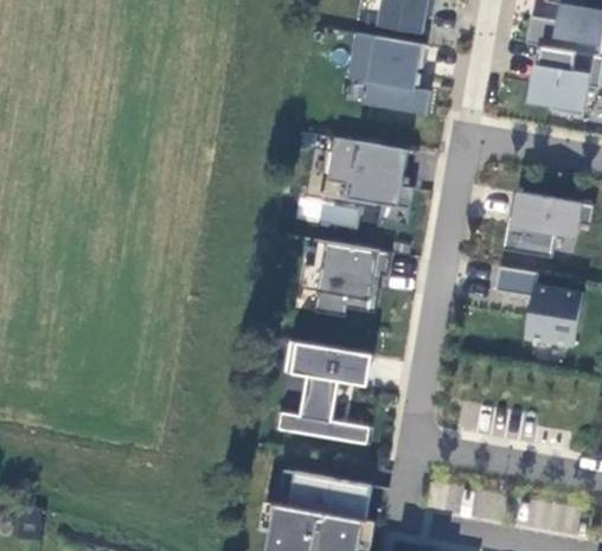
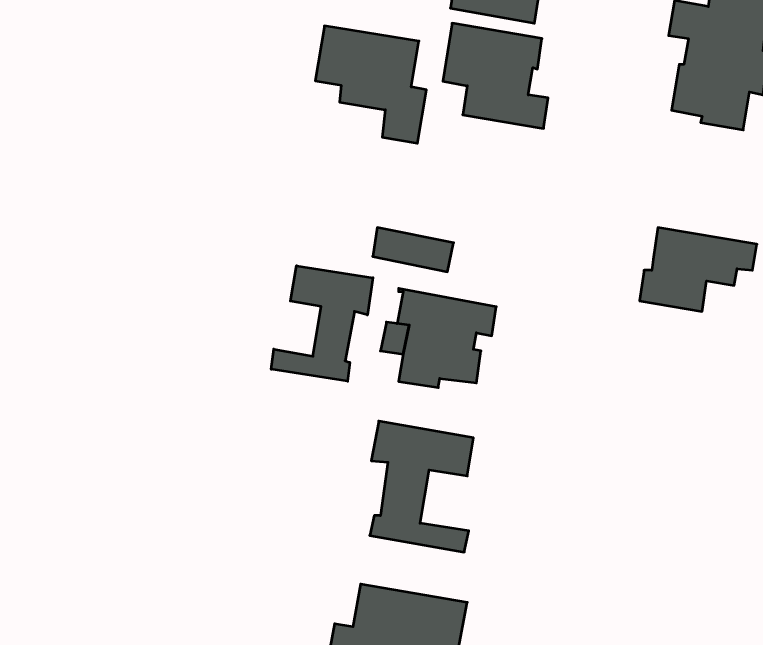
building: [328,139,415,230] -> [315,26,426,143]
building: none -> [271,266,373,381]
building: [494,267,582,345] -> none

